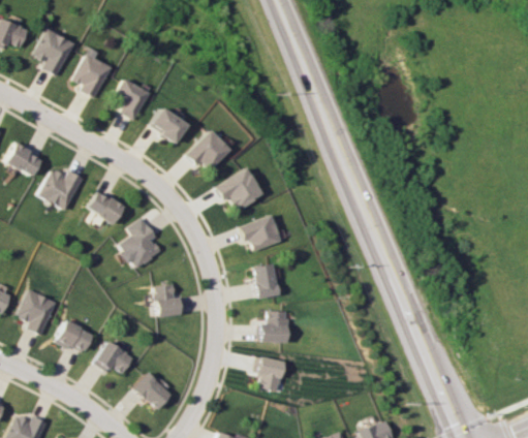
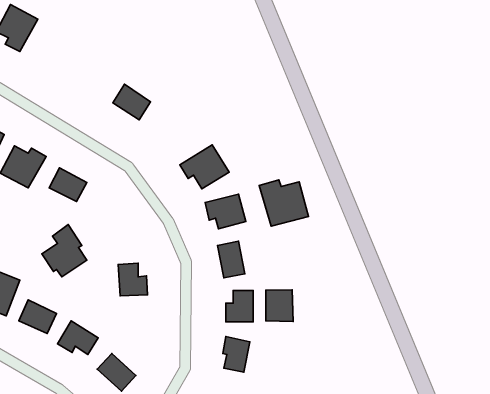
building: [74,55,112,98] -> none
building: [117,79,151,120] -> none
building: [186,130,230,168] -> none
building: none -> [259,180,308,226]
building: [117,217,161,269] -> [42,225,87,277]
building: none -> [266,290,293,321]

